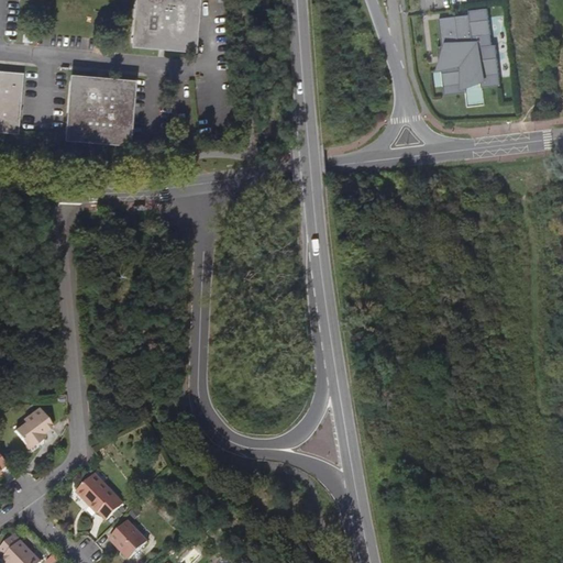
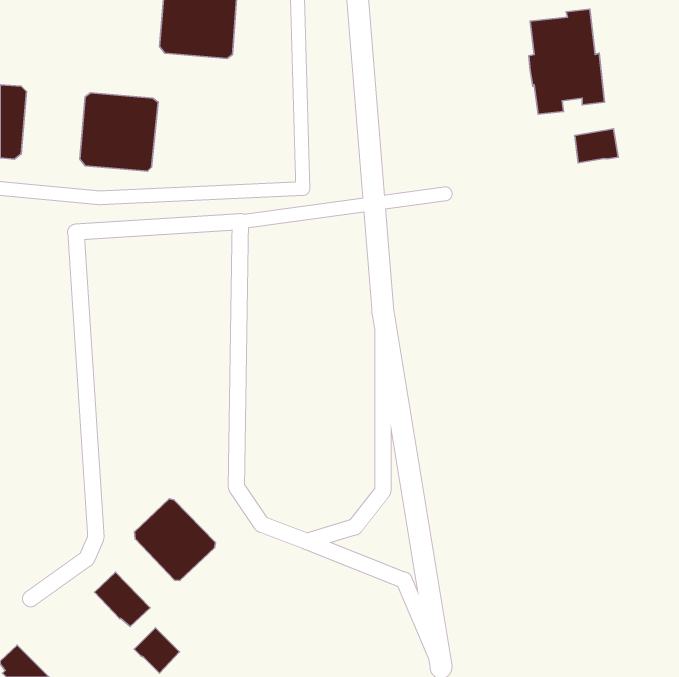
building: none -> [575,129,618,163]
building: [14,407,53,446] -> none
building: none -> [135,499,215,581]

